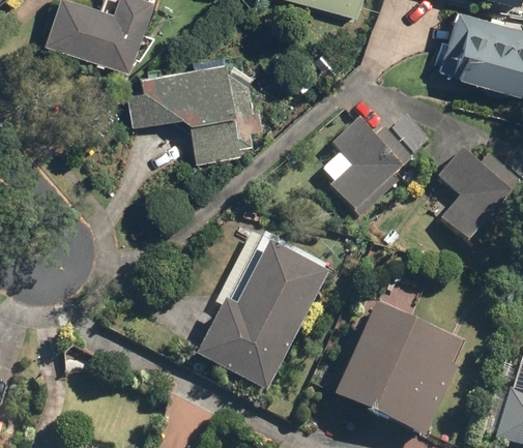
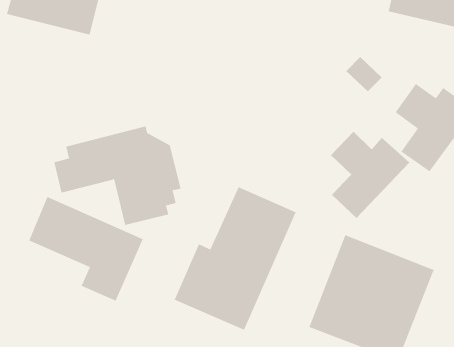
building: [126,62,258,165] -> [54,126,181,225]
building: [329,121,414,213] -> [330,131,410,219]
building: none -> [29,196,143,302]

